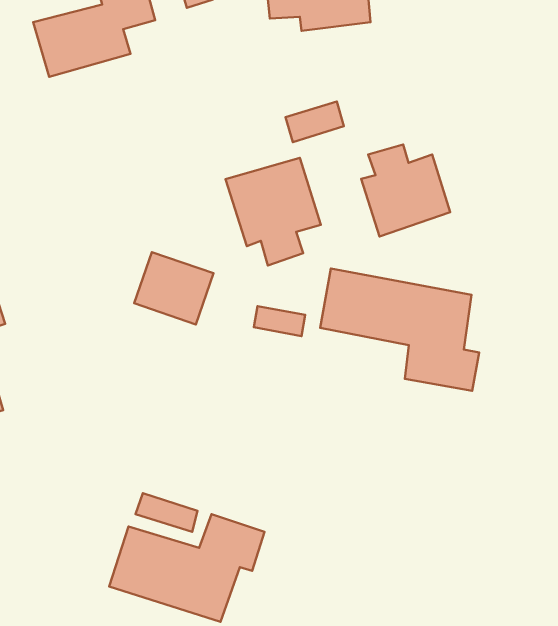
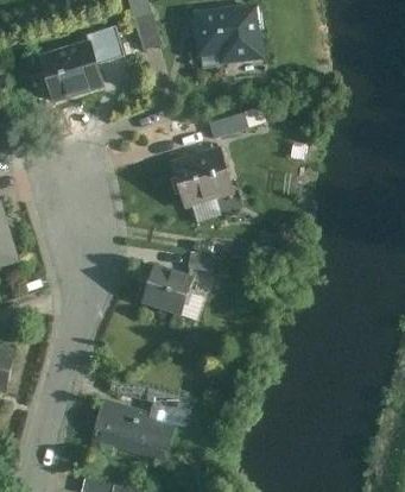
building: [361,144,450,236] -> none
building: [134,252,214,324] -> [141,267,195,316]
building: [320,269,479,391] -> none

